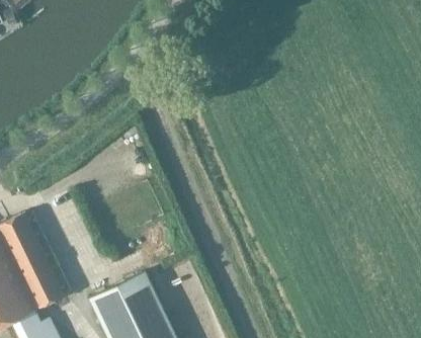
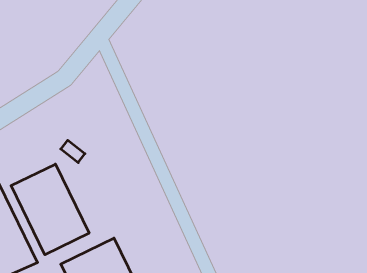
building: none -> [11,164,89,255]

